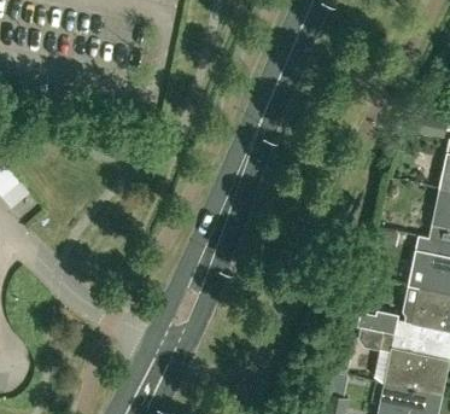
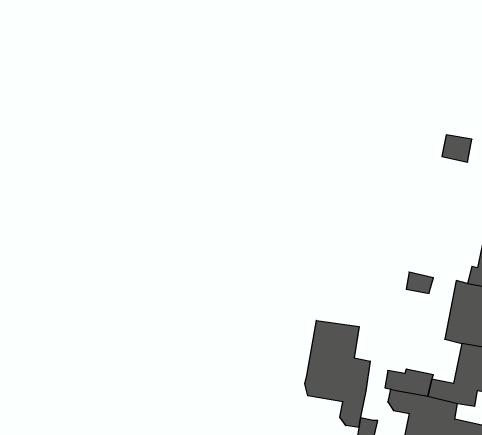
building: none -> [305,320,370,428]

